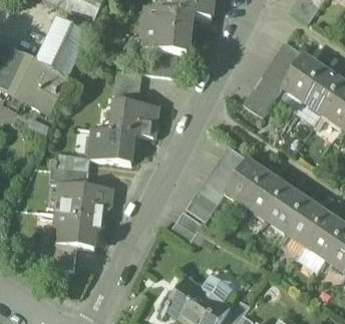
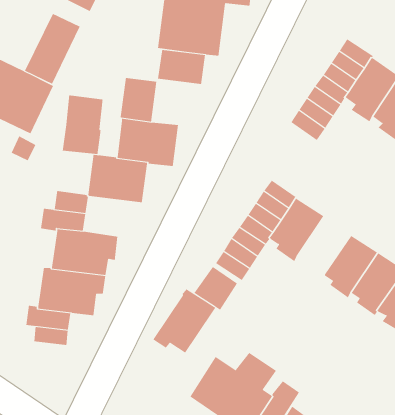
building: none -> [62,94,103,155]
building: [247,174,287,221] -> none
building: none -> [152,288,216,354]

